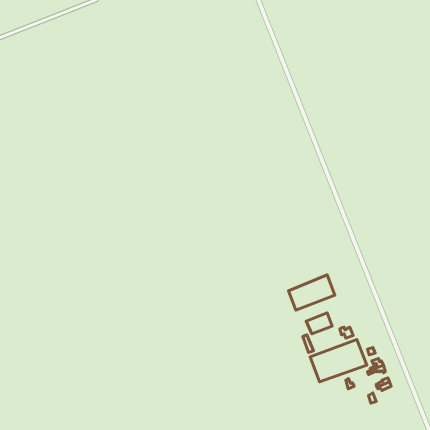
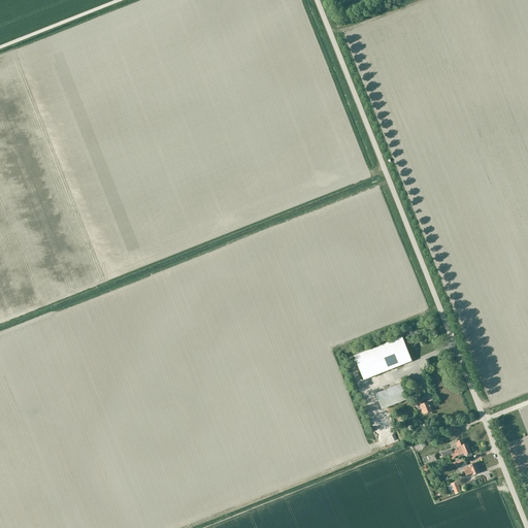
building: [310,339,367,382] -> none

